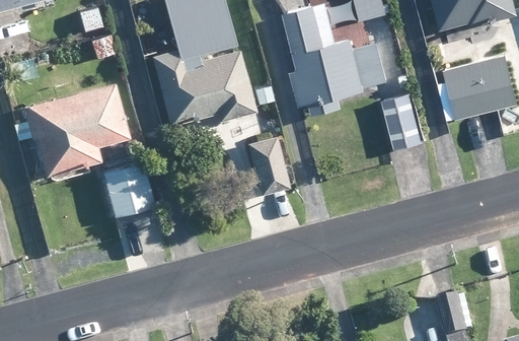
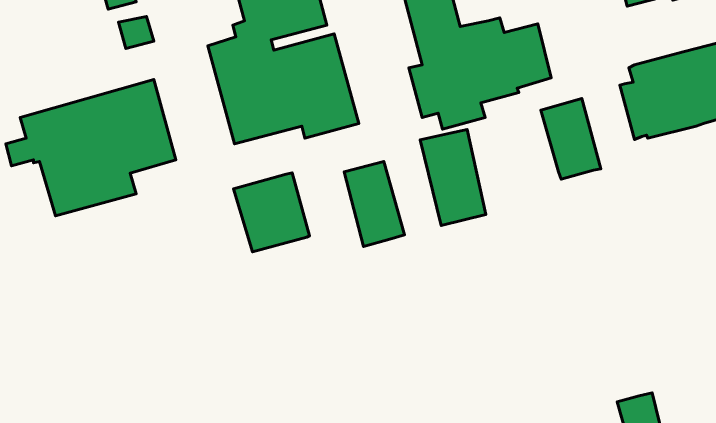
building: none -> [420,130,486,225]
building: [100,162,153,217] -> [233,173,310,252]

